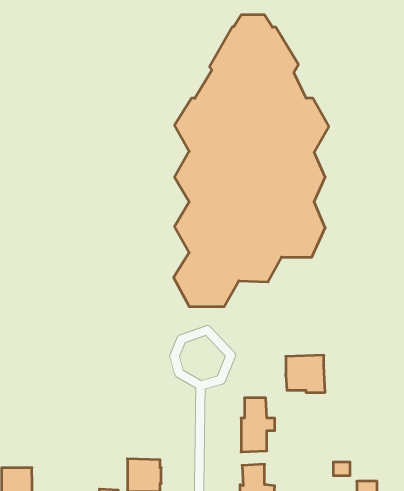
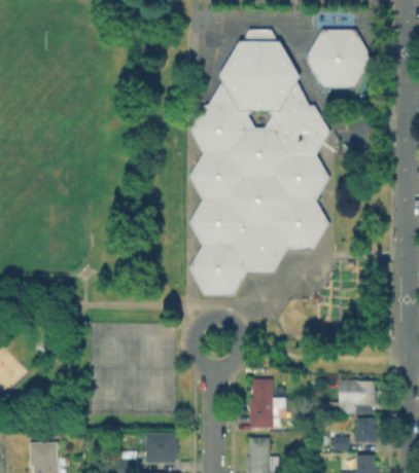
building: none -> [305,27,373,87]
building: [286,355,325,392] -> [340,379,376,413]
building: none -> [354,417,375,442]

